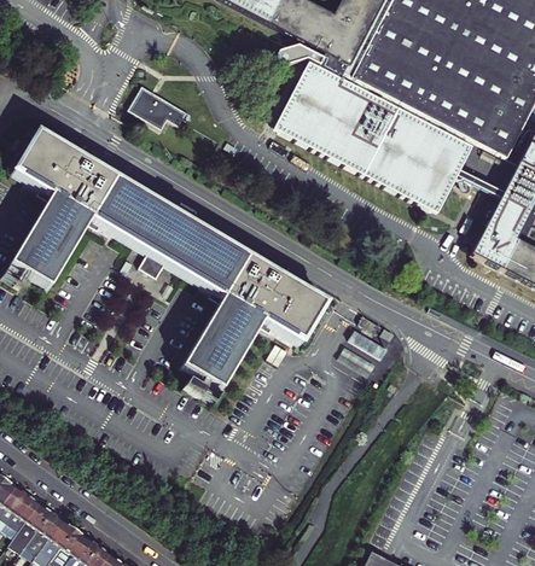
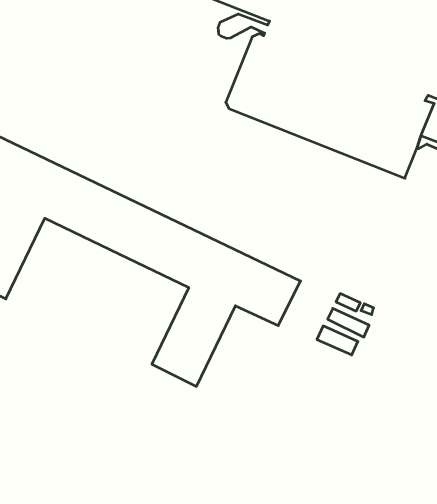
building: [130,84,193,128] -> none

